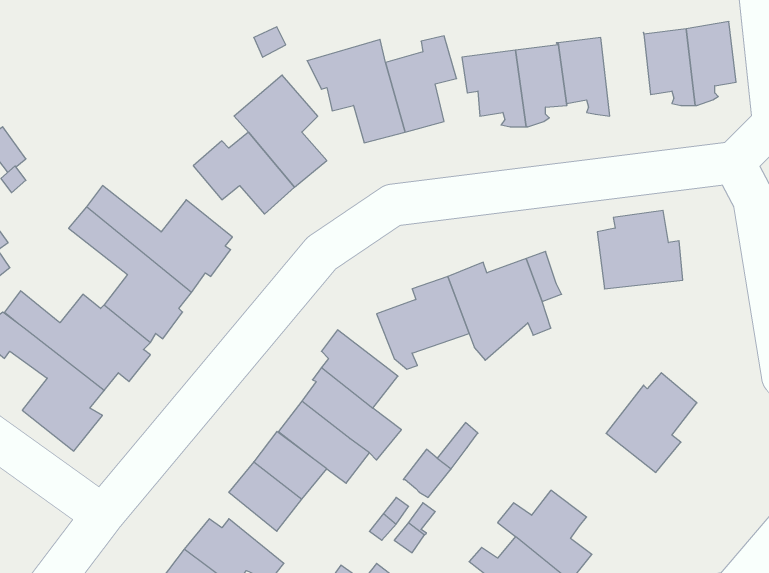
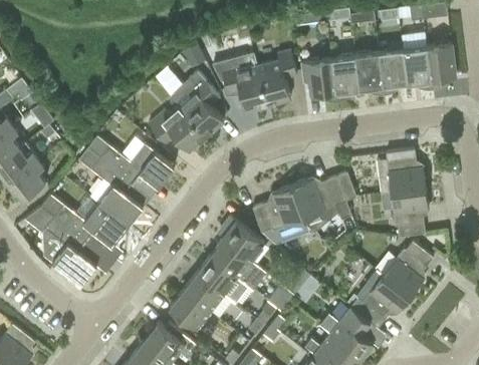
building: none -> [379,49,407,96]
building: none -> [381,189,428,237]
building: none -> [350,270,410,328]

